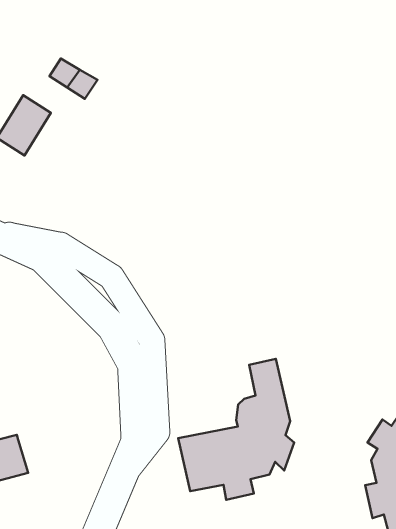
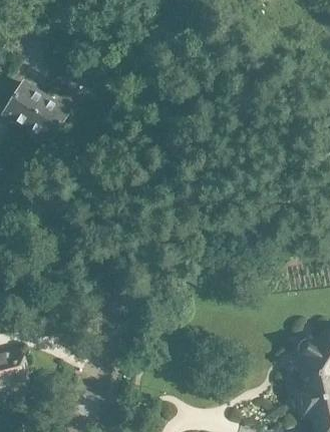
building: none -> [24,93,68,142]
building: [178,359,294,500] -> none

